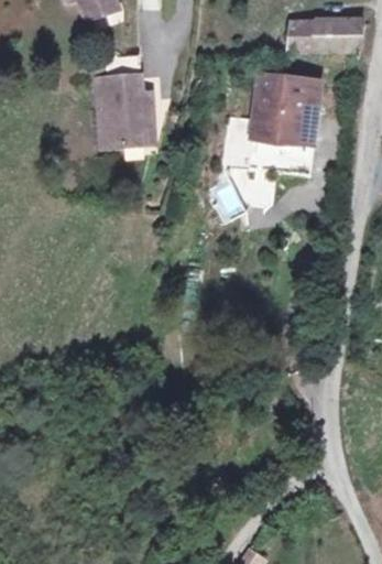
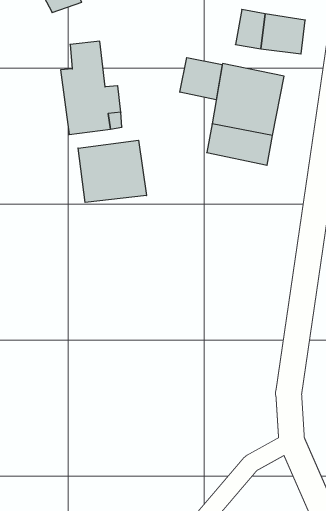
building: none -> [180,58,222,100]
building: none -> [78,140,146,202]

